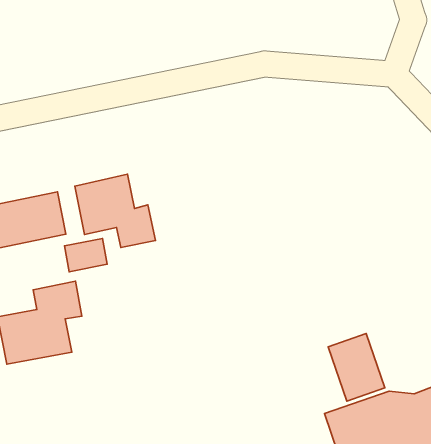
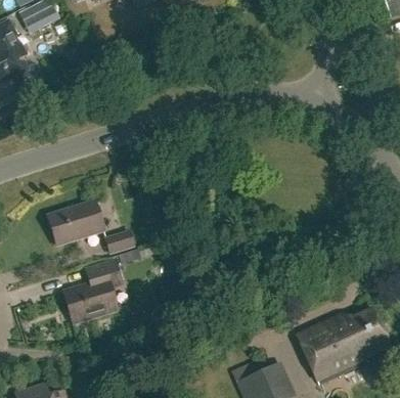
building: [75,174,156,248] -> none
building: [328,334,385,401] -> none

